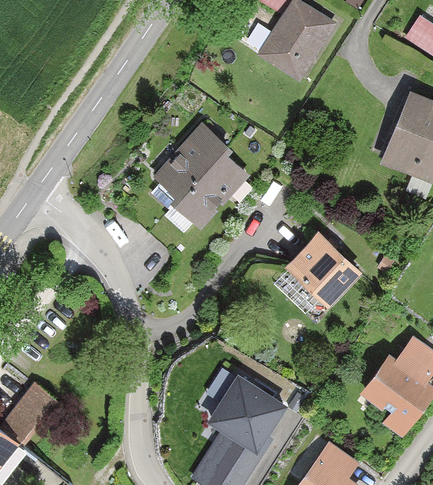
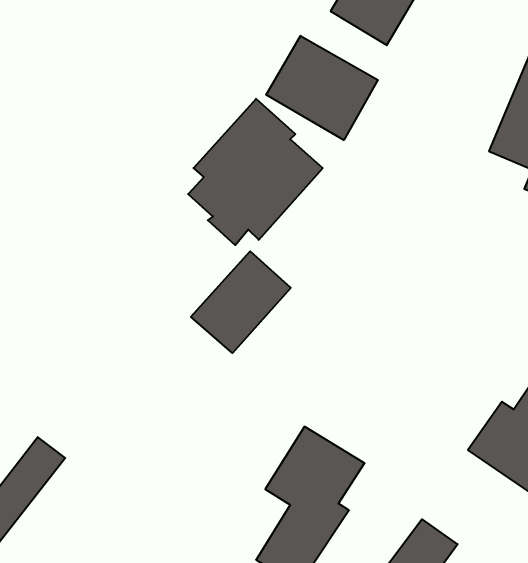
building: none -> [266,36,378,140]
building: [284,229,362,307] -> none
building: none -> [191,251,291,353]

